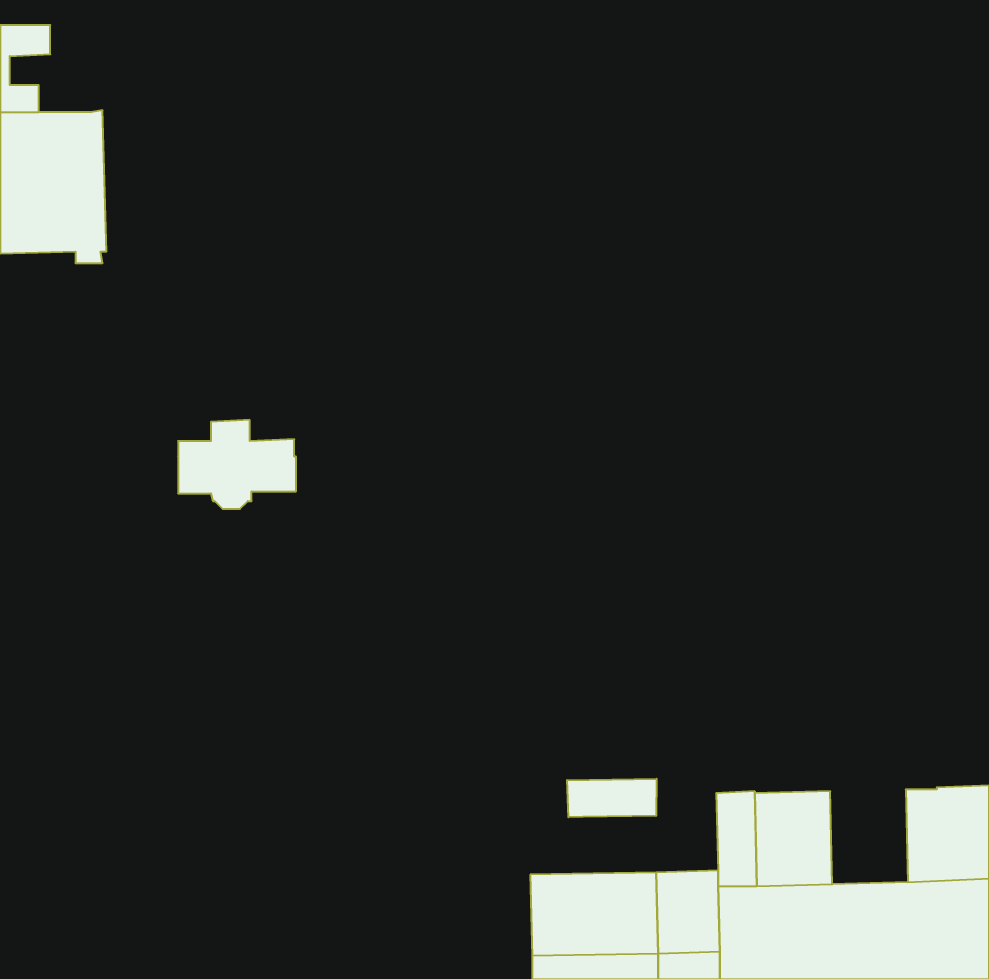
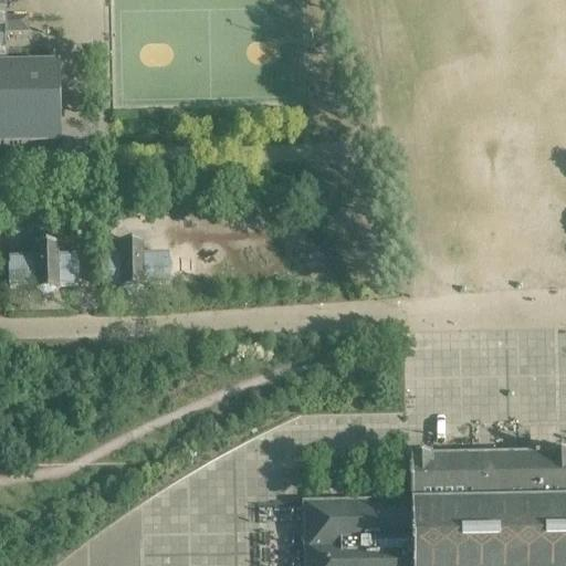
building: none -> [9,242,77,293]
building: [567,779,657,817] -> none
building: none -> [474,451,518,505]

